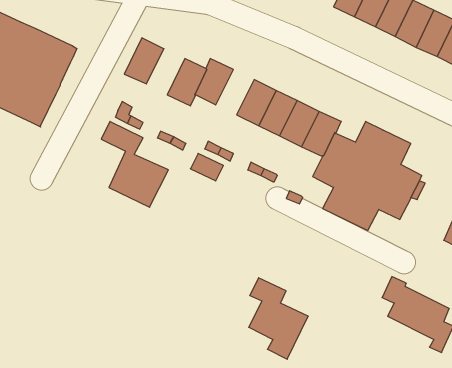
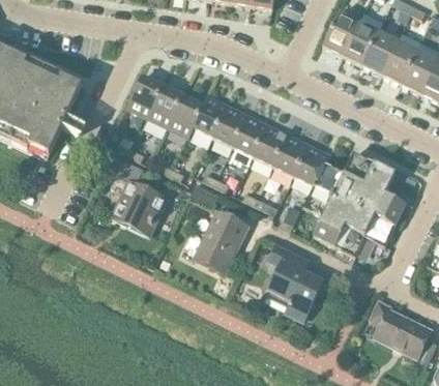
building: none -> [147,85,183,128]
building: none -> [212,105,248,147]
building: none -> [194,210,248,273]
building: [249,278,308,359] -> [267,244,323,321]

